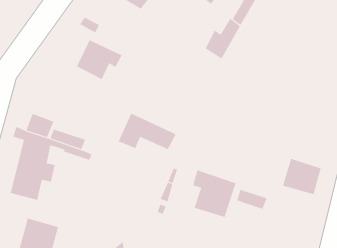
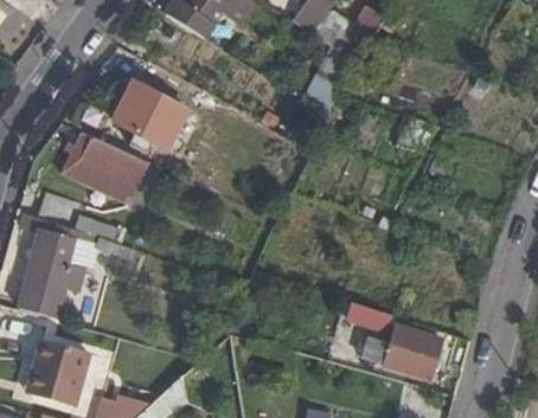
building: [118,113,176,150] -> [63,131,148,185]
building: [282,158,321,195] -> [383,324,440,378]
building: [193,169,236,218] -> none

